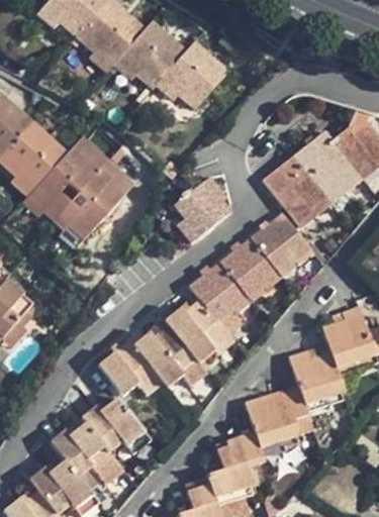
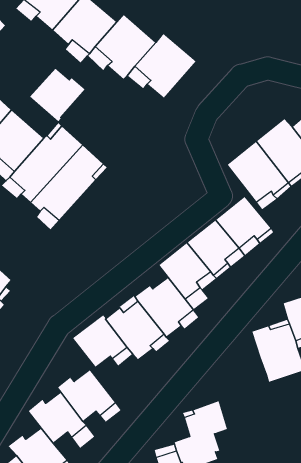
building: none -> [29,68,86,122]
building: [173,176,230,243] -> none
building: [244,385,307,458] -> none

